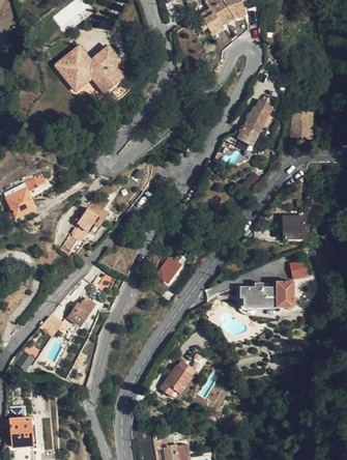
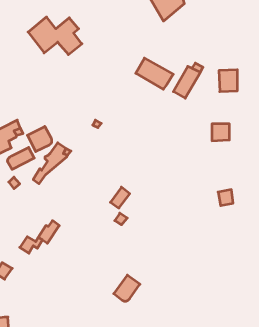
building: none -> [136,58,173,89]
building: none -> [27,126,52,152]
building: none -> [8,147,34,169]
building: [284,217,306,237] -> [212,124,229,141]
building: [240,282,293,307] -> none

